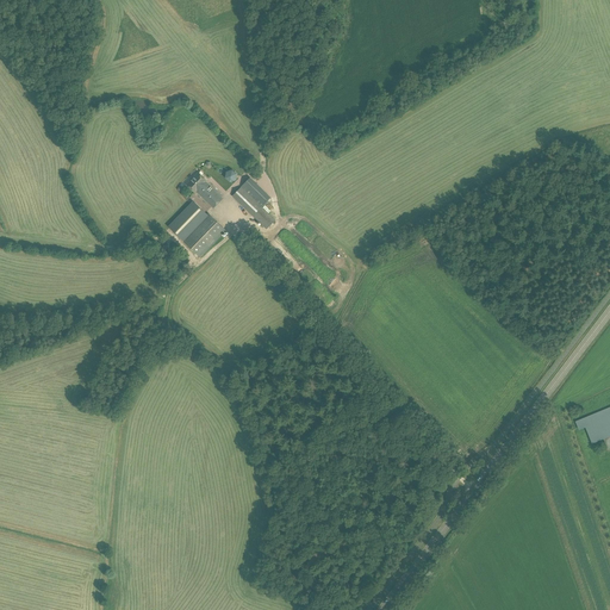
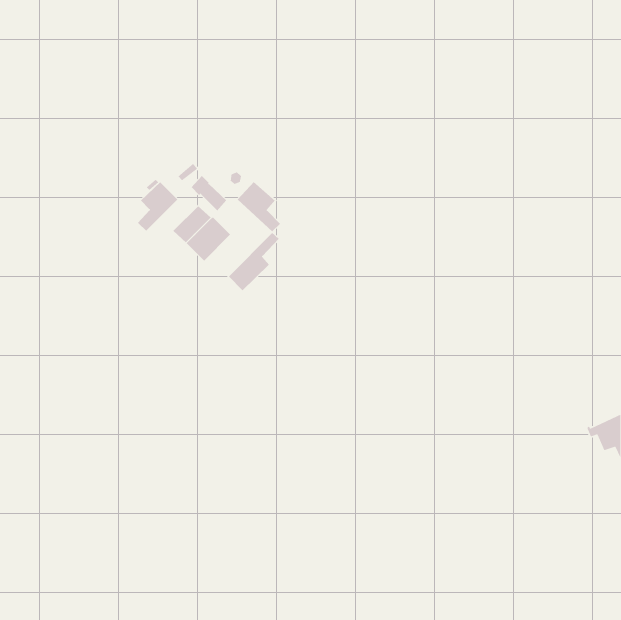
building: none -> [137,181,178,231]
building: none -> [228,232,280,291]

